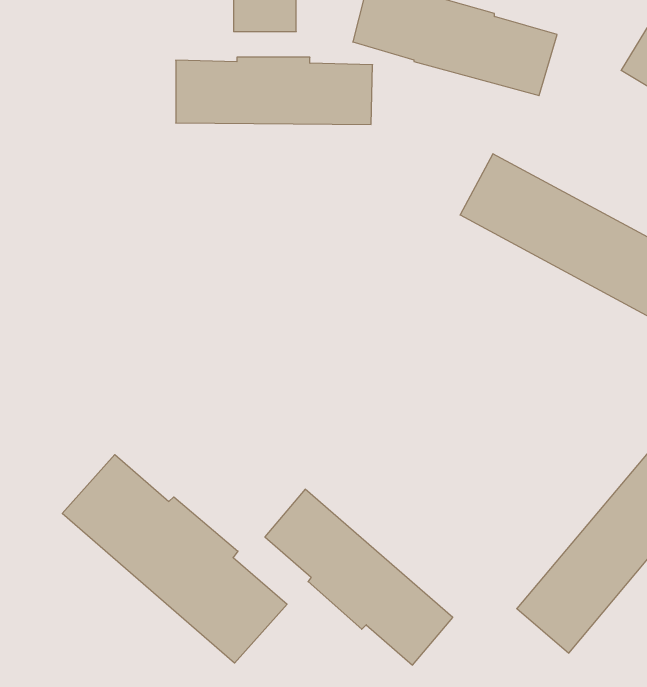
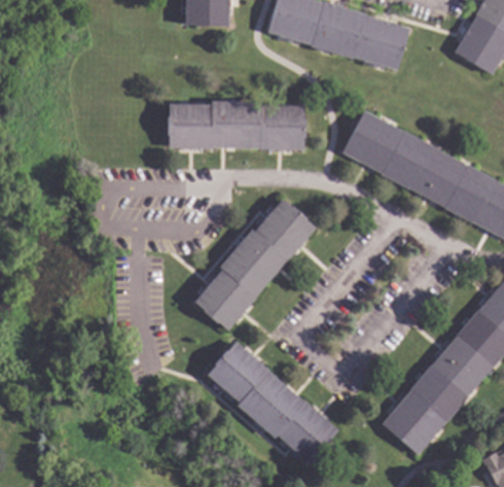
building: [176,57,373,124] -> [170,102,305,148]
building: none -> [194,200,316,331]
building: [62,455,287,663] -> none

